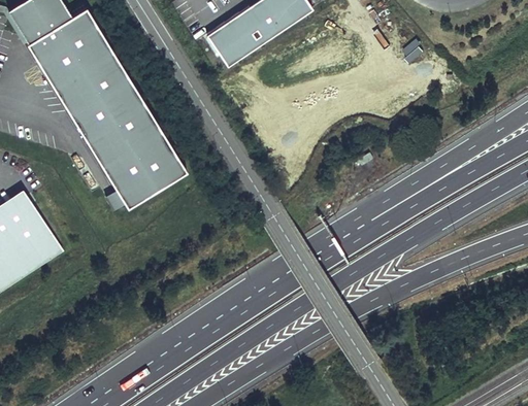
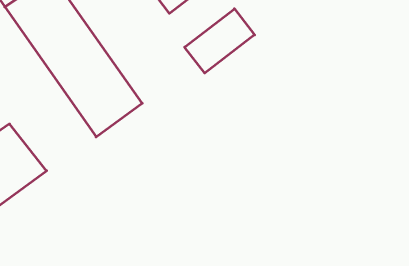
building: none -> [185,9,255,73]

